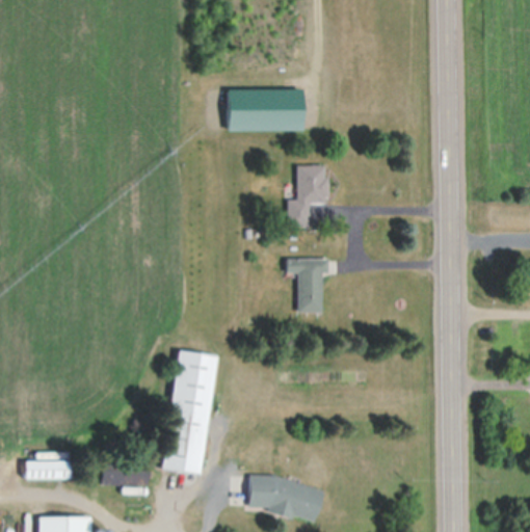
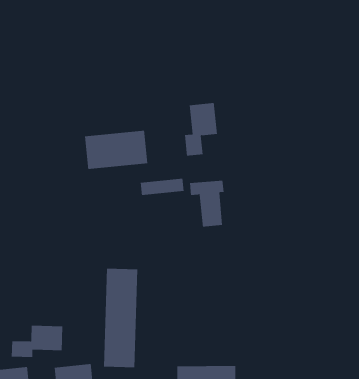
building: [230,89,303,130] -> [84,130,148,170]
building: none -> [140,178,184,196]
building: none -> [11,325,63,358]

